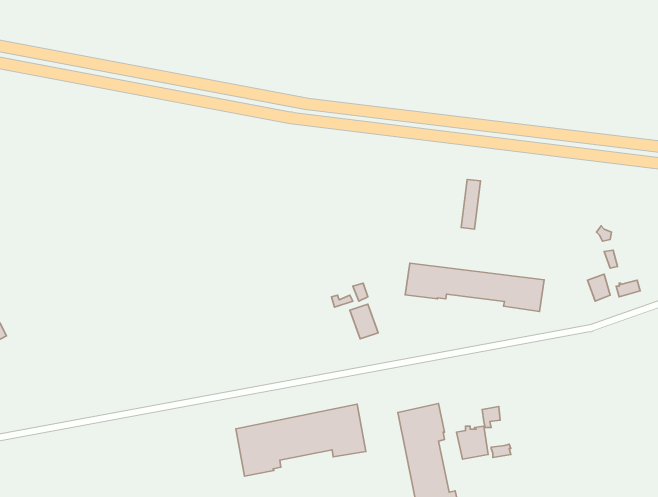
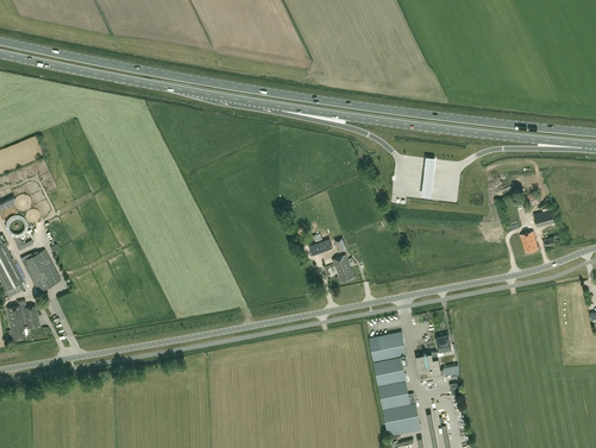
building: [405,263,544,312] -> none
building: [236,404,366,476] -> none

